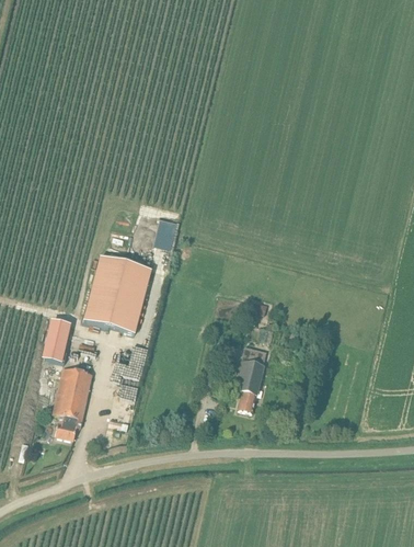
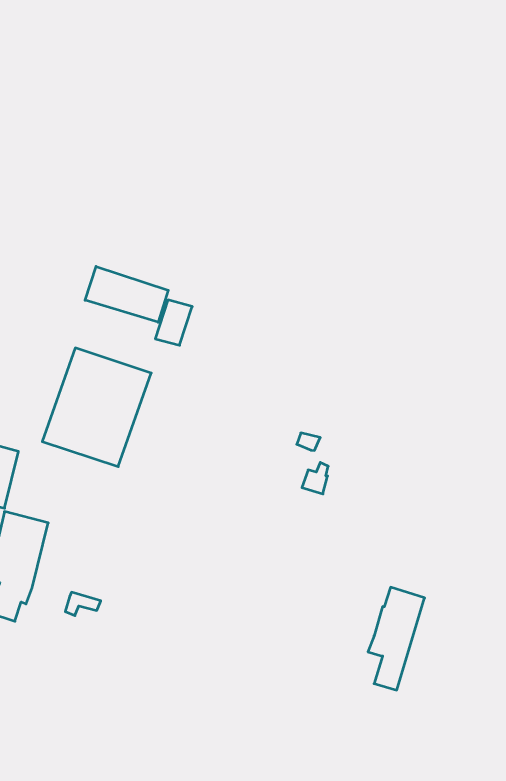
building: none -> [85,266,168,322]
building: [232,343,267,411] -> [368,587,425,690]

